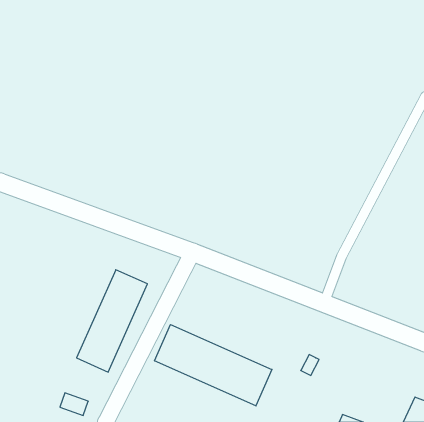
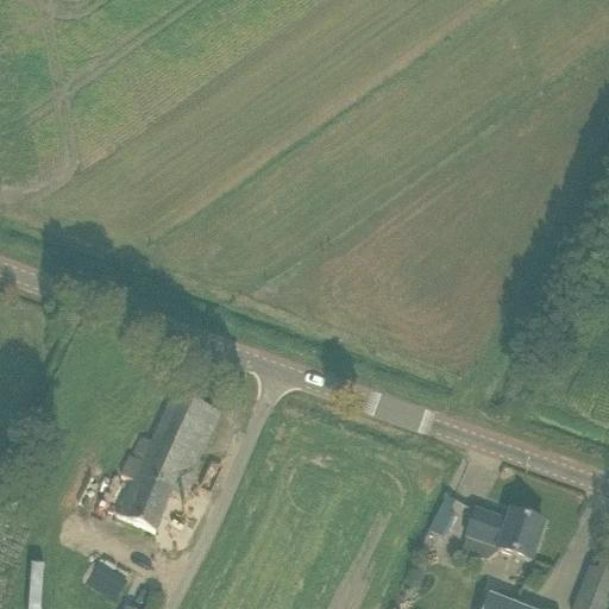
building: [155,325,272,406] -> none
building: none -> [470,509,546,560]

